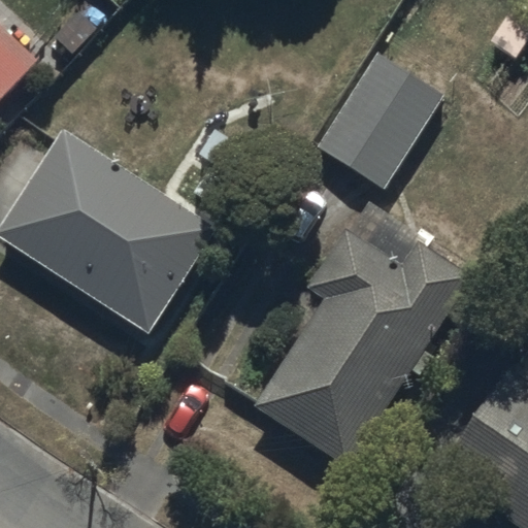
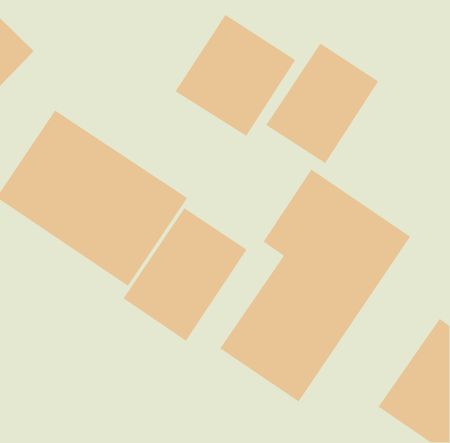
building: none -> [175,14,296,137]
building: none -> [122,207,248,342]

